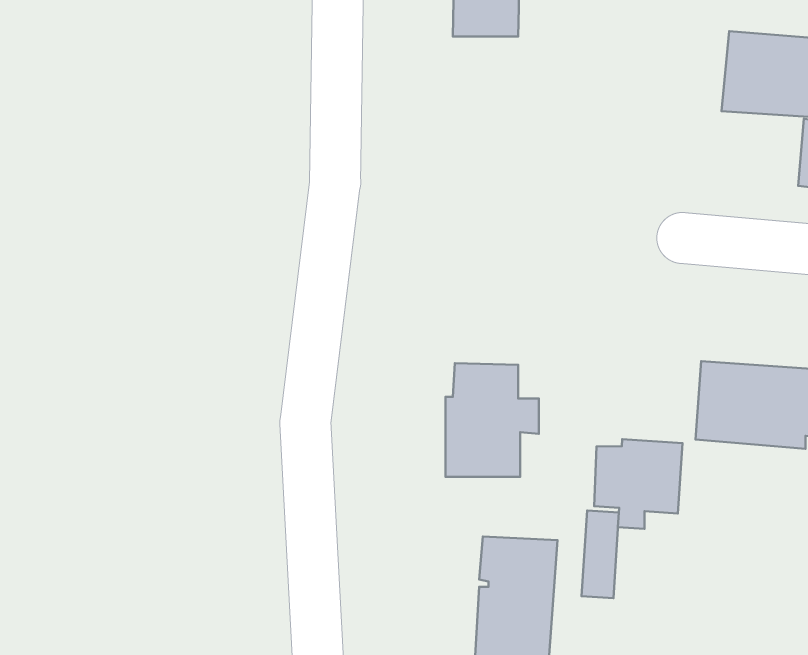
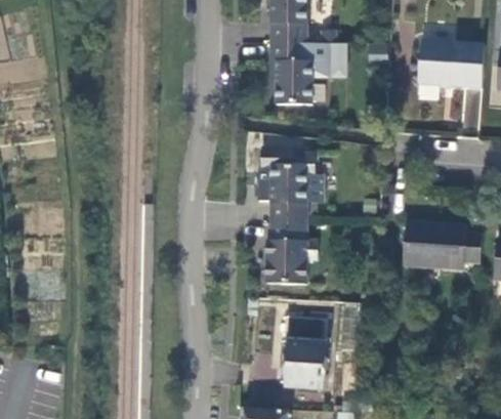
building: none -> [269,43,328,106]
building: none -> [260,149,323,223]
building: [594,439,683,529] -> none

